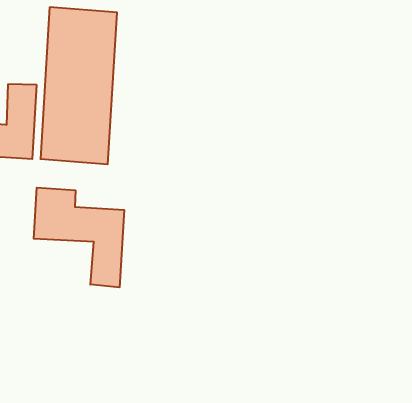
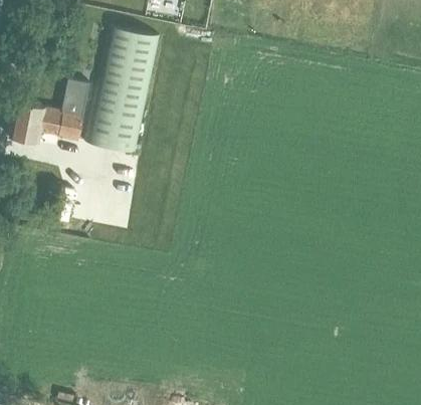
building: [34,188,124,287] -> none

